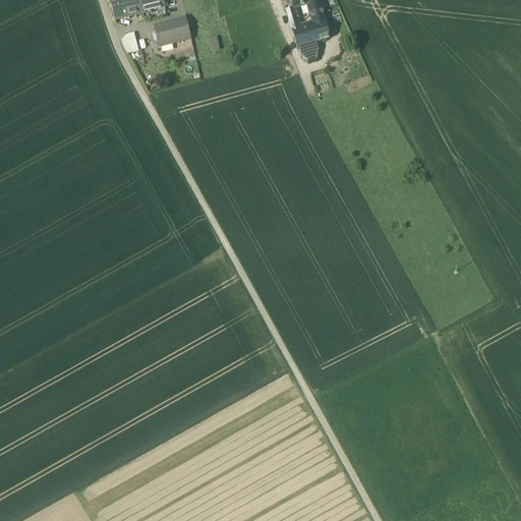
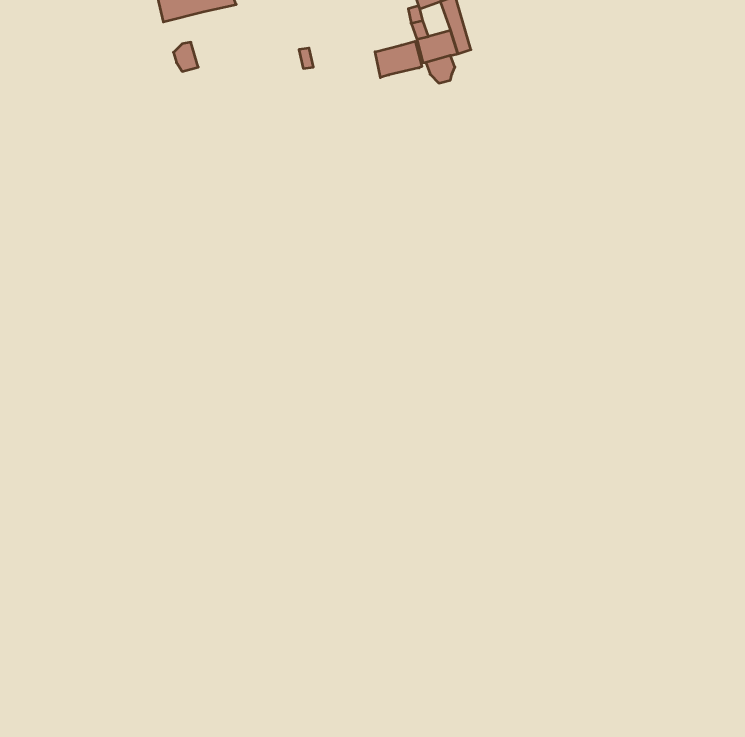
building: [154,14,191,43] -> none
building: none -> [375,41,422,78]

